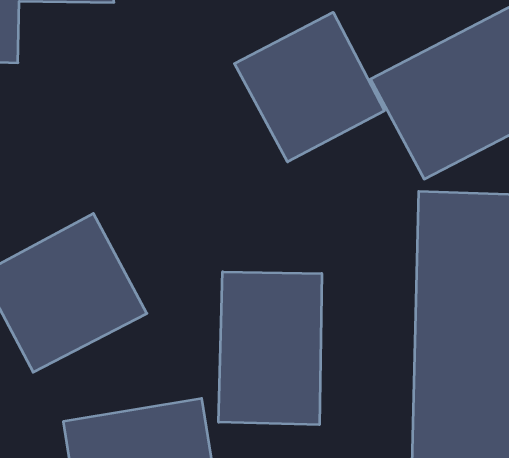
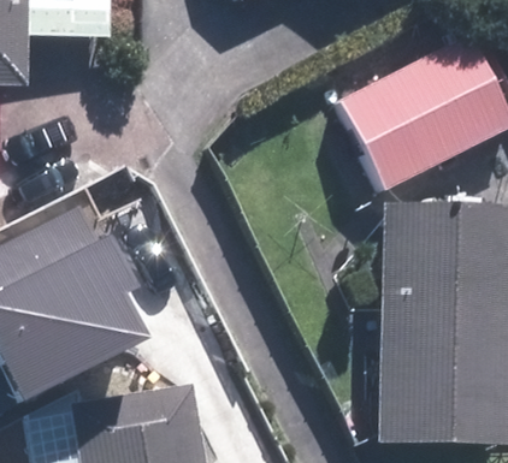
building: [234,12,384,162] -> none
building: [219,272,322,425] -> none

